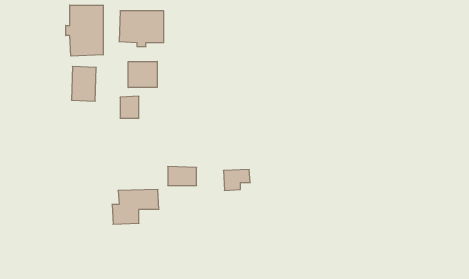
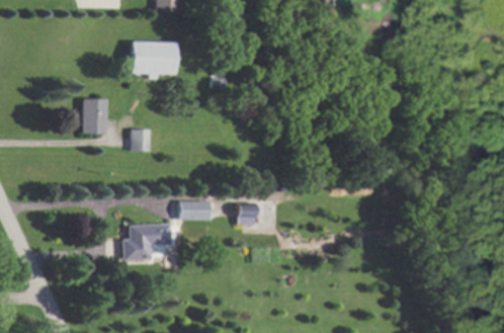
building: [66,5,103,56] -> none
building: [128,61,157,88] -> none

